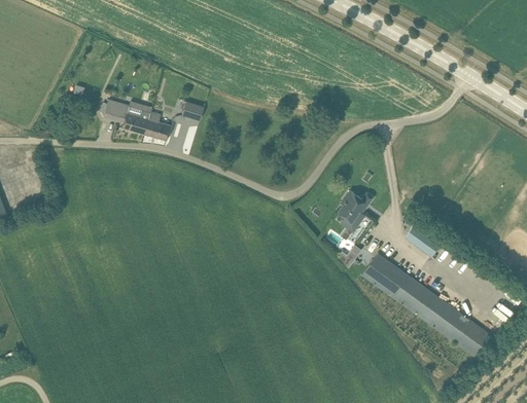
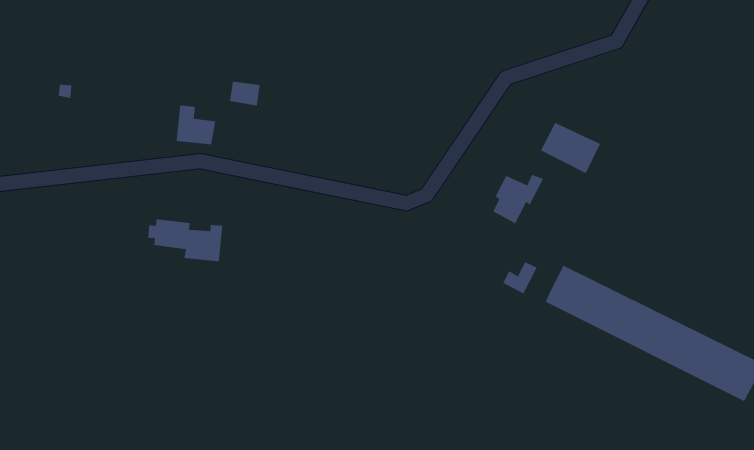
building: [101,100,150,134] -> [148,219,223,262]
building: [405,220,444,256] -> [540,122,601,174]

